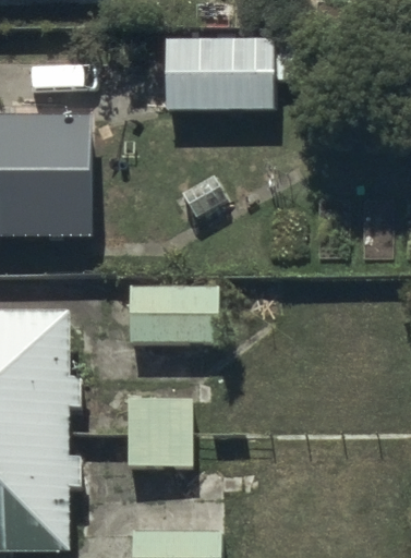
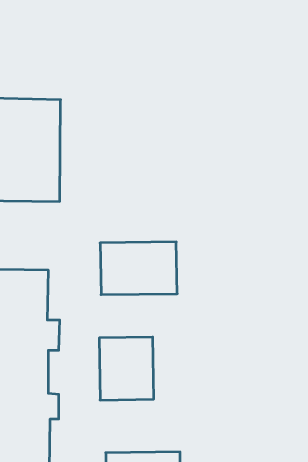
building: [165,40,319,113] -> none

